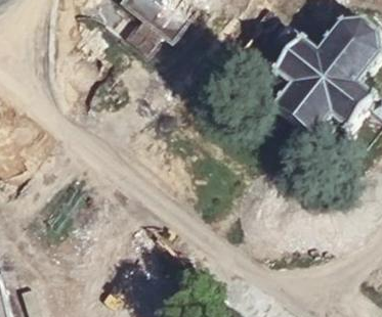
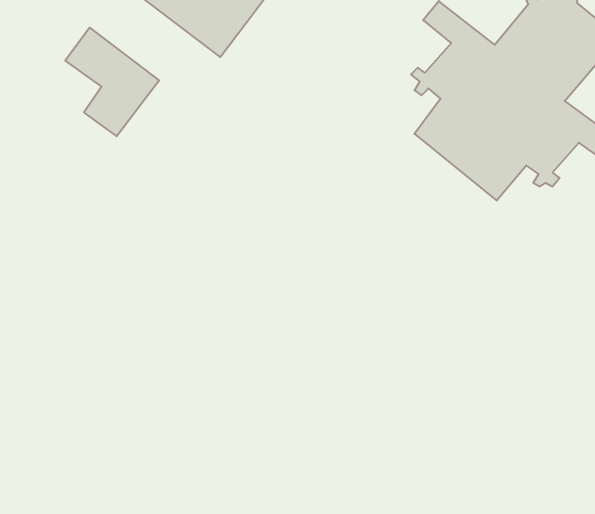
building: none -> [65,28,159,136]

